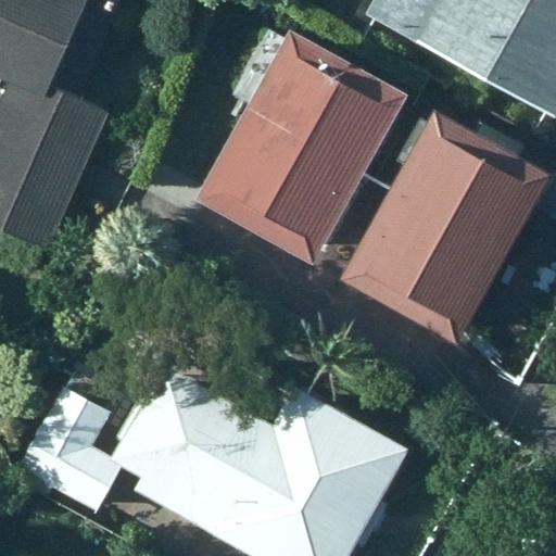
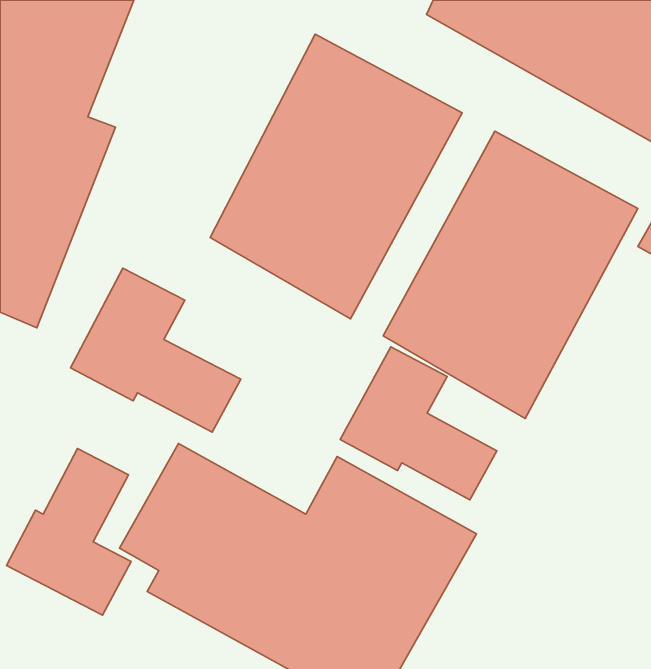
building: none -> [70,268,241,432]
building: none -> [340,347,497,500]

